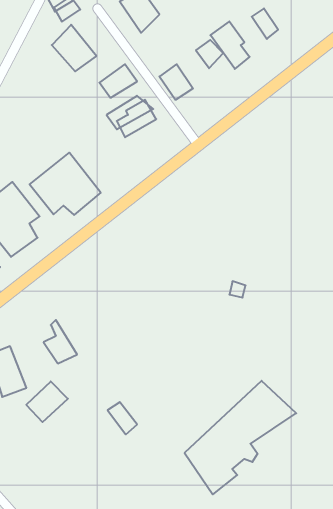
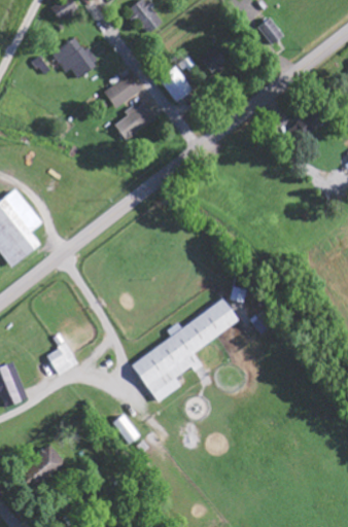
building: [210,21,250,69] -> none
building: [30,153,101,215] -> none
building: [185,381,296,494] -> [129,288,242,403]
building: [26,381,68,422] -> [27,450,69,491]

